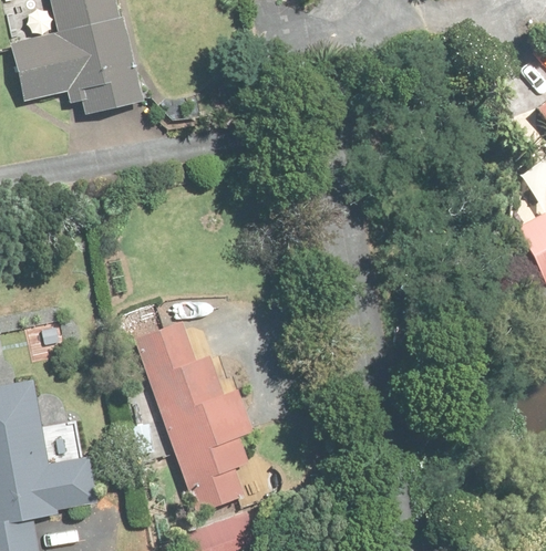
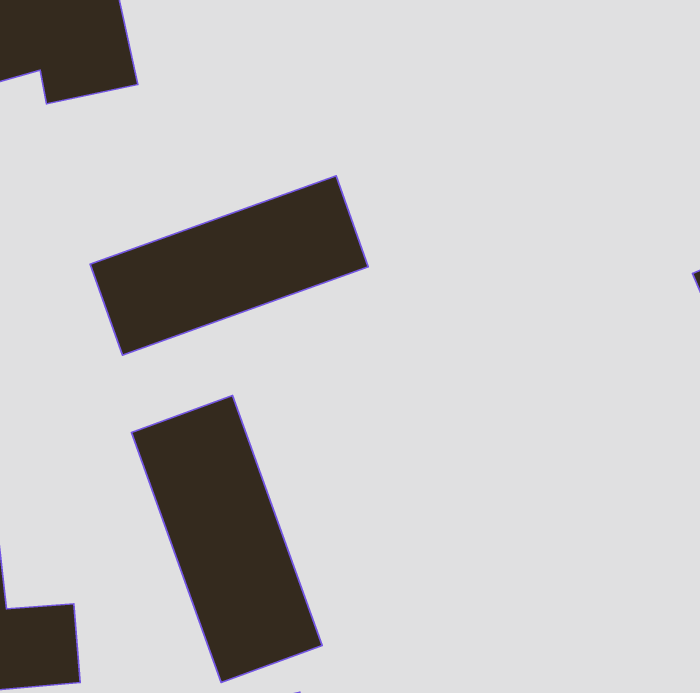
building: none -> [90,176,368,355]

